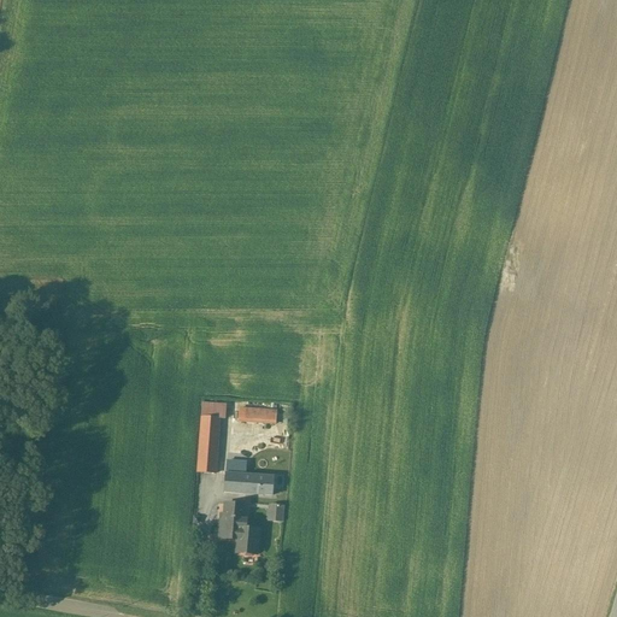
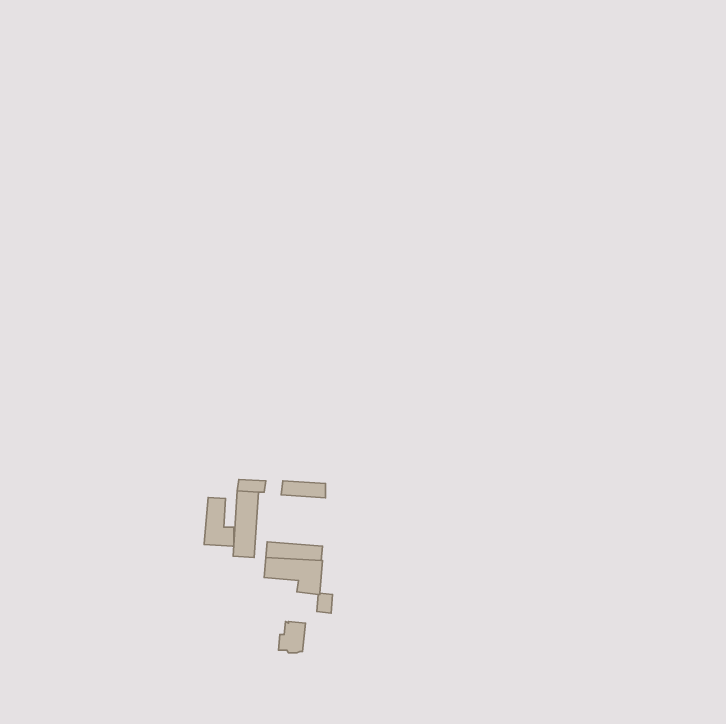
building: none -> [204,497,234,546]
building: [219,501,245,537] -> none

